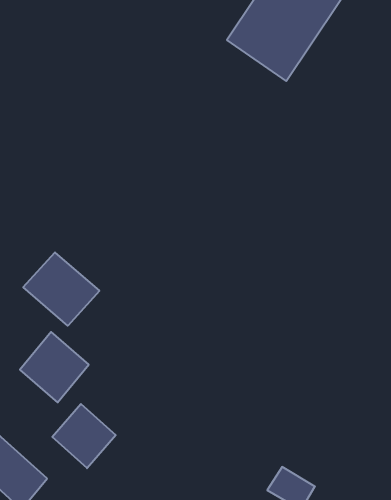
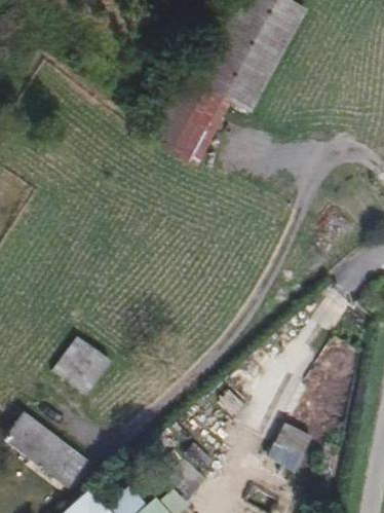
building: [23,252,99,326] -> none
building: [52,404,116,468] -> none

